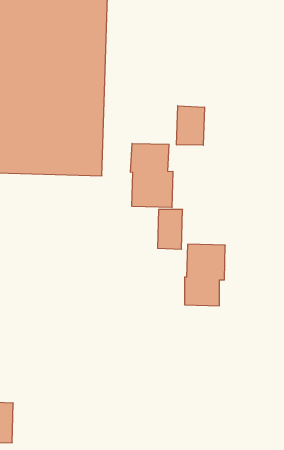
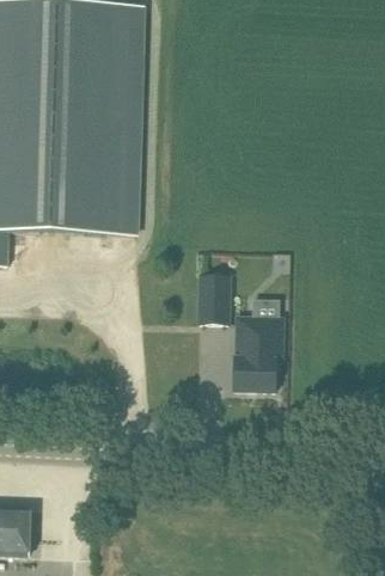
building: [177,106,204,145] -> none
building: [131,143,173,208] -> none

